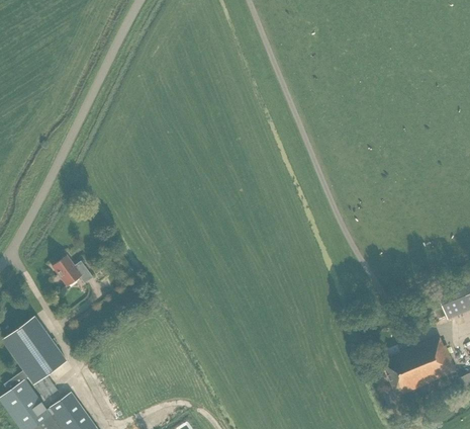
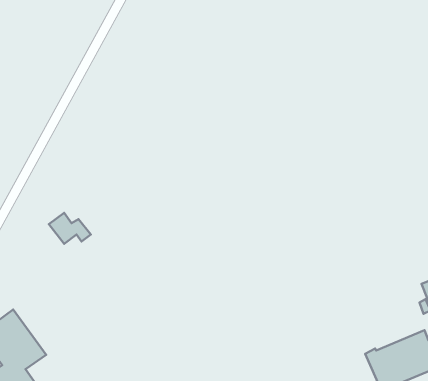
building: [53,255,94,285] -> [49,213,91,244]

